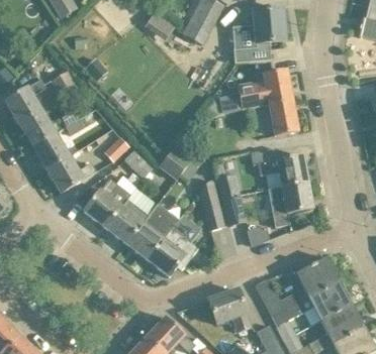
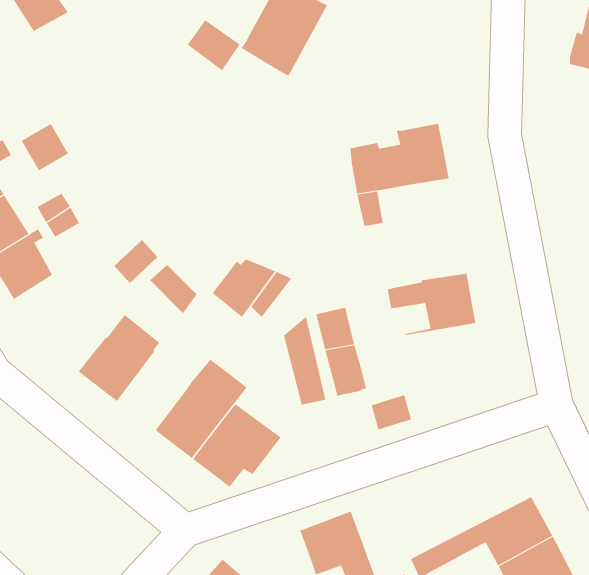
building: [232,7,284,63] -> none
building: [269,101,298,135] -> none
building: [46,155,96,193] -> none
building: [268,183,313,227] -> none
building: [105,199,148,243] -> none
building: [254,256,340,316] -> none

